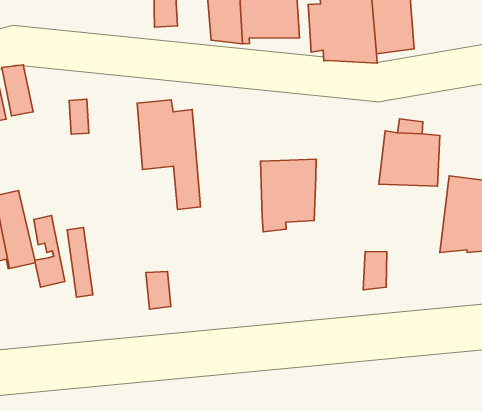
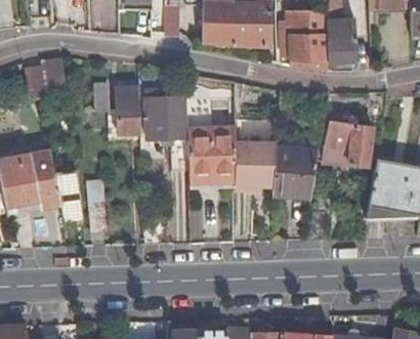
building: none -> [117,89,141,135]
building: none -> [187,128,236,182]
building: none -> [272,154,318,205]

